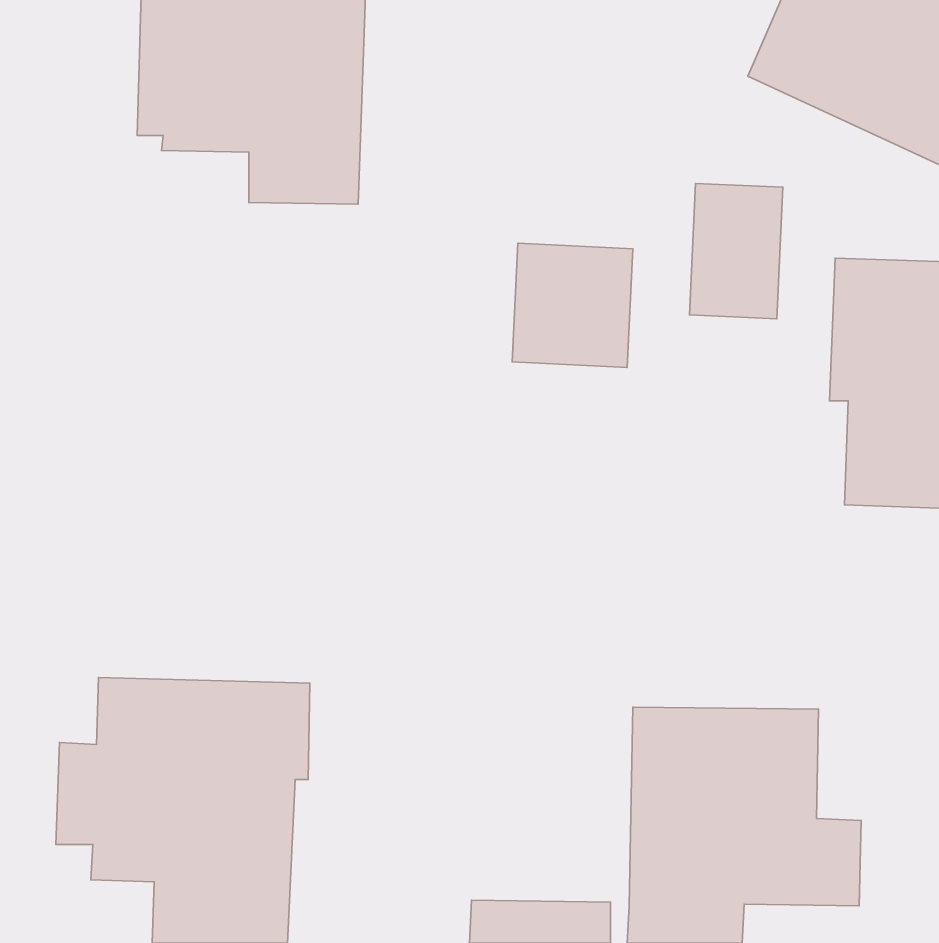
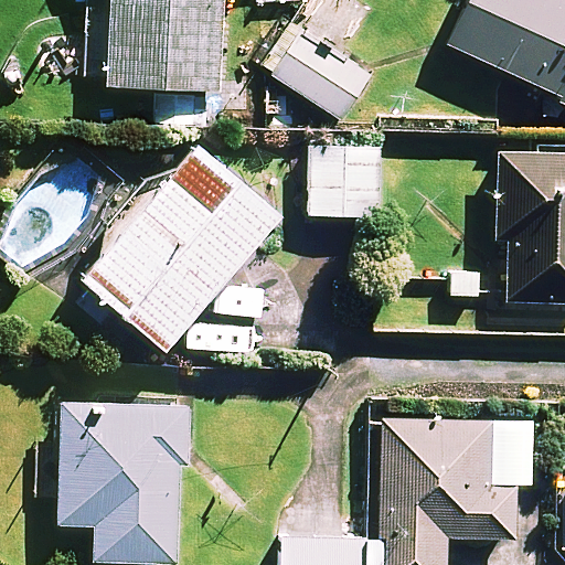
building: none -> [270,30,371,119]
building: [689,183,783,319] -> none
building: none -> [81,149,278,353]

